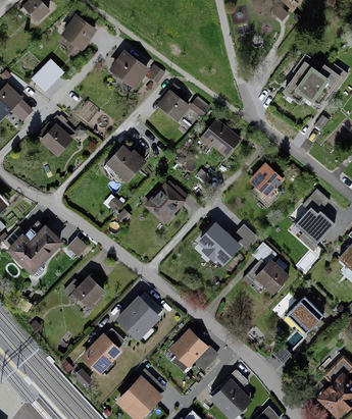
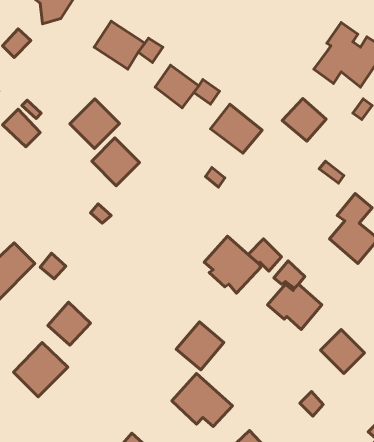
building: none -> [70,99,119,148]
building: [249,163,284,197] -> [282,98,326,141]
building: [143,179,188,225] -> none
building: [118,299,156,336] -> [176,322,224,370]
building: [81,331,123,374] -> [14,342,68,397]

